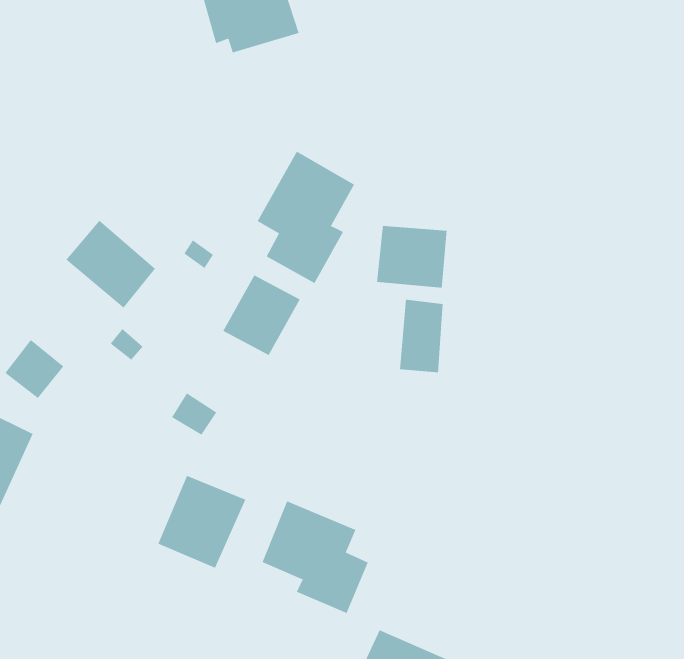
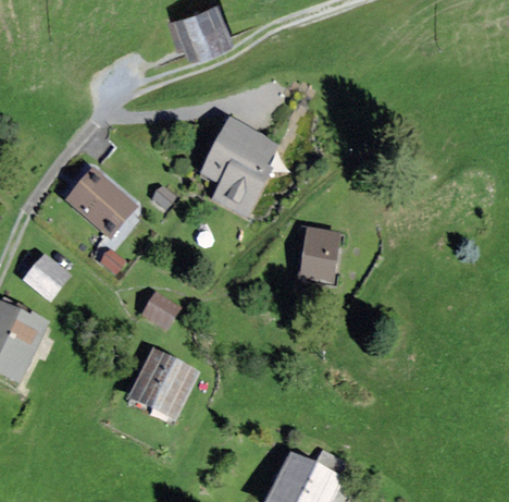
building: [377,225,447,289] -> none
building: [222,275,301,356] -> none
building: [262,501,369,614] -> none

